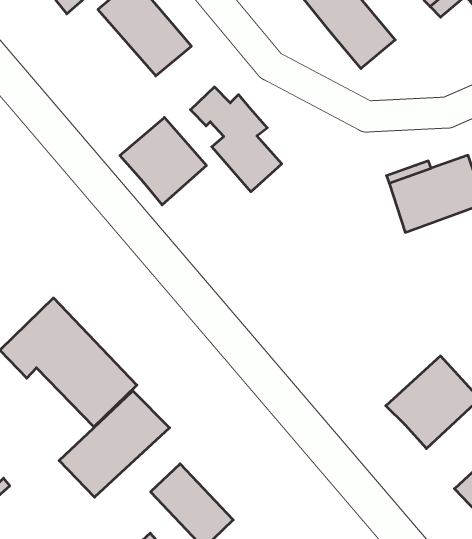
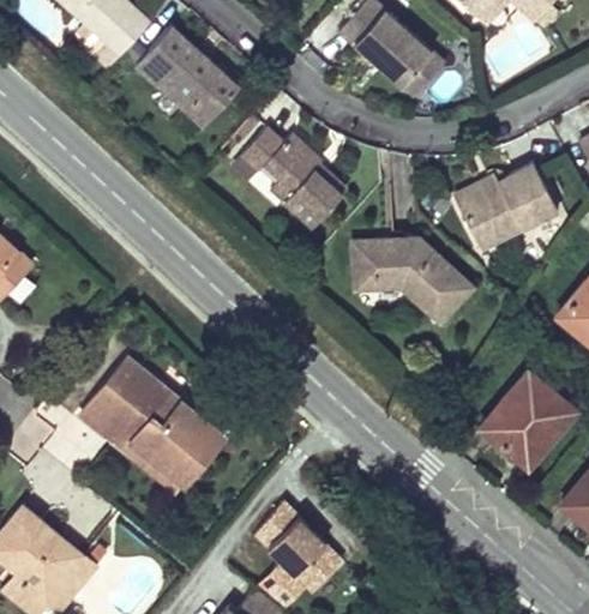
building: [120,117,206,205] -> none
building: none -> [351,240,471,323]
building: [59,391,170,497] -> none

